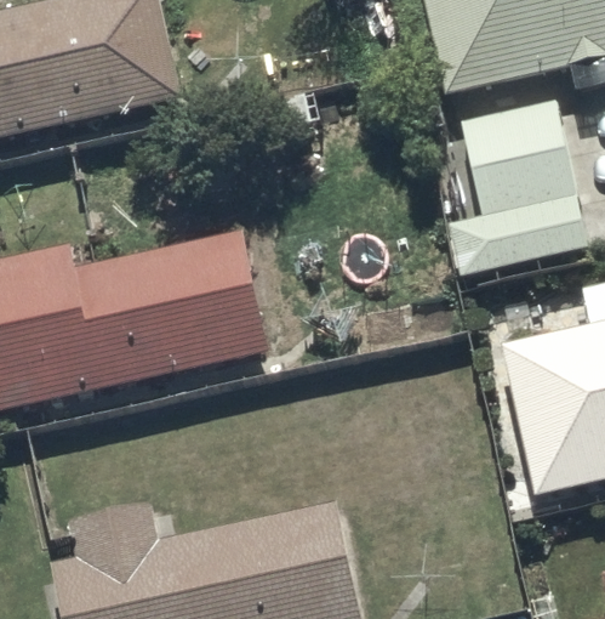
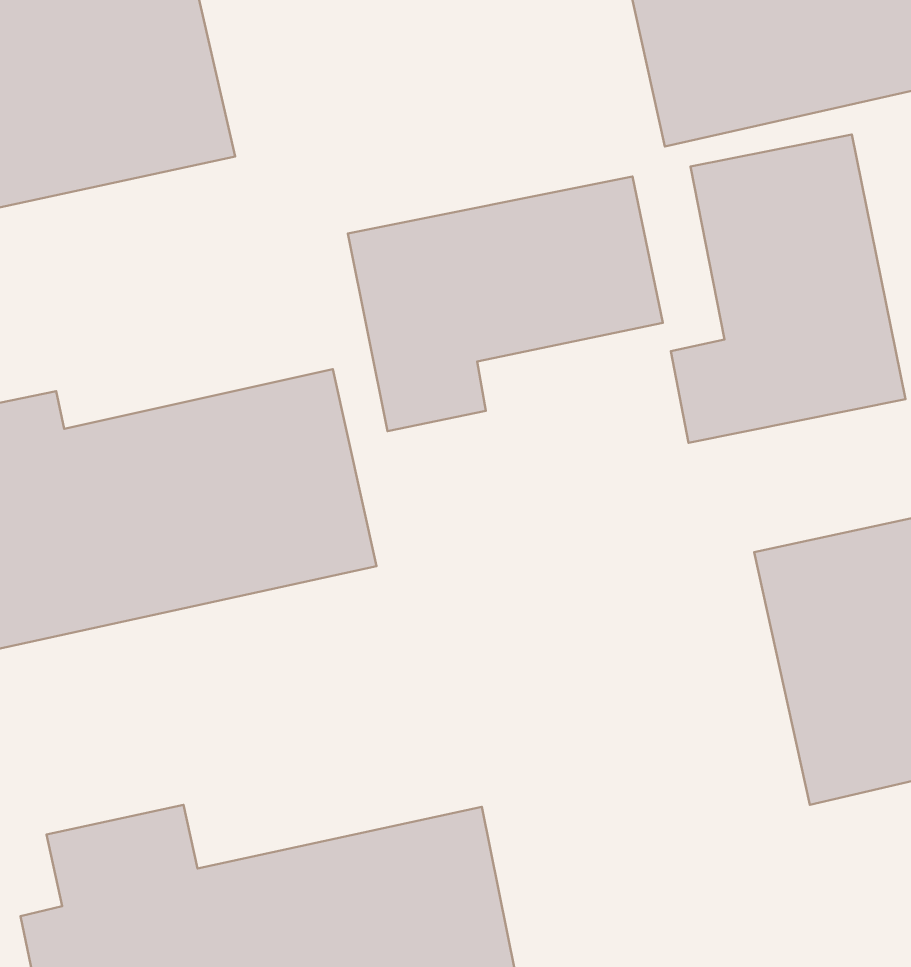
building: none -> [348,176,663,431]

